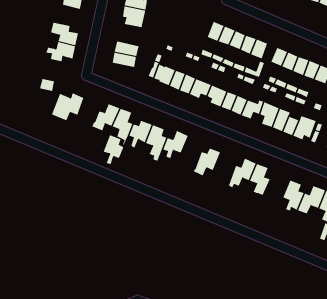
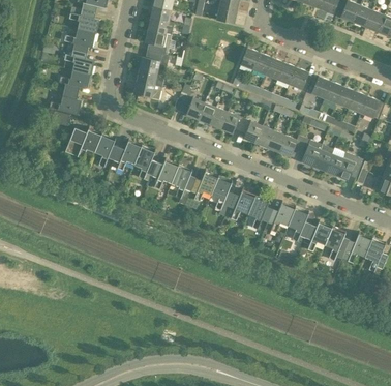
building: none -> [64,28,98,52]
building: none -> [139,53,169,75]
building: none -> [50,89,84,114]
building: [103,134,124,165] -> [95,132,119,167]
building: none -> [211,175,234,212]
building: none -> [247,194,272,231]
building: none -> [303,219,333,251]

